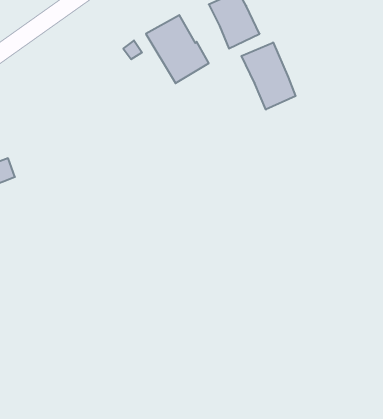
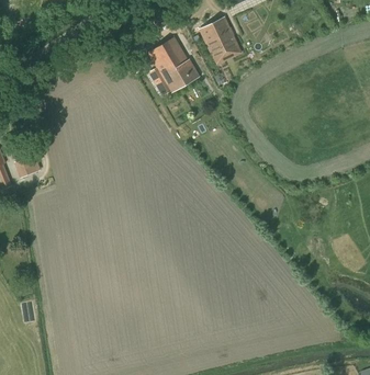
building: [241,42,296,110] -> none

